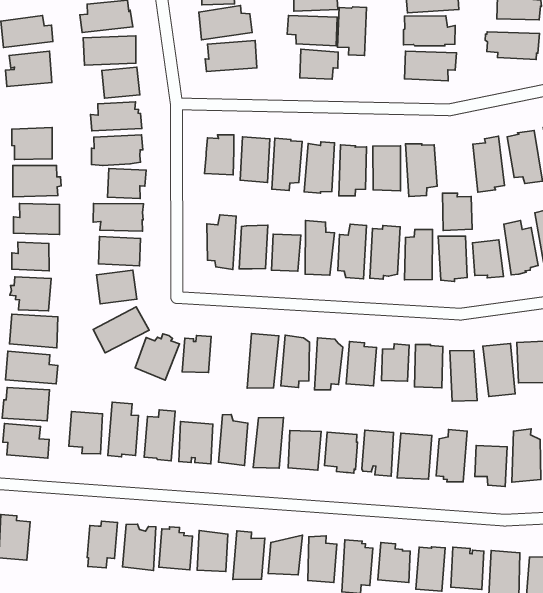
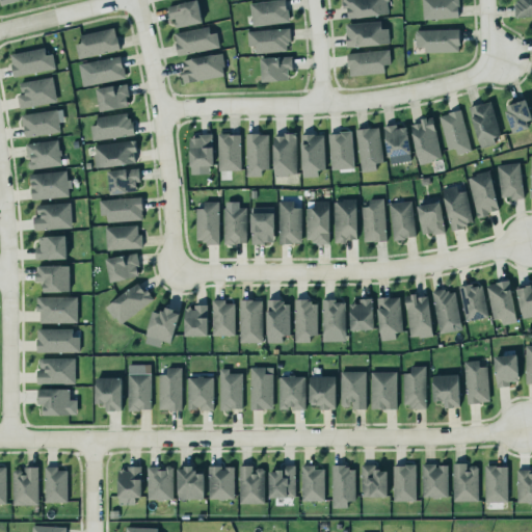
building: [338,7,366,55] -> none
building: none -> [24,110,65,137]
building: [443,193,472,231] -> [385,126,413,158]
building: none -> [211,296,235,336]

